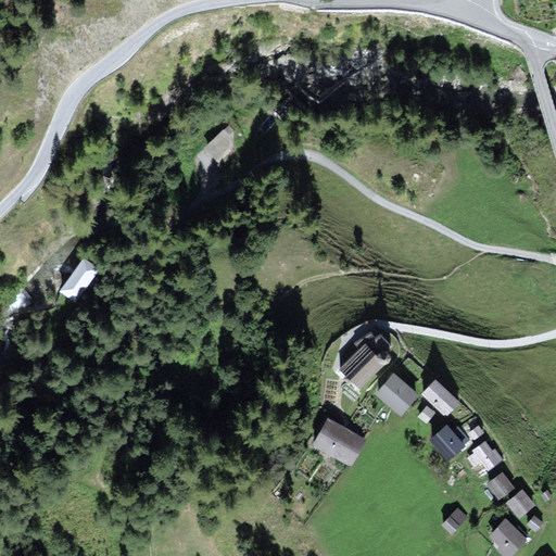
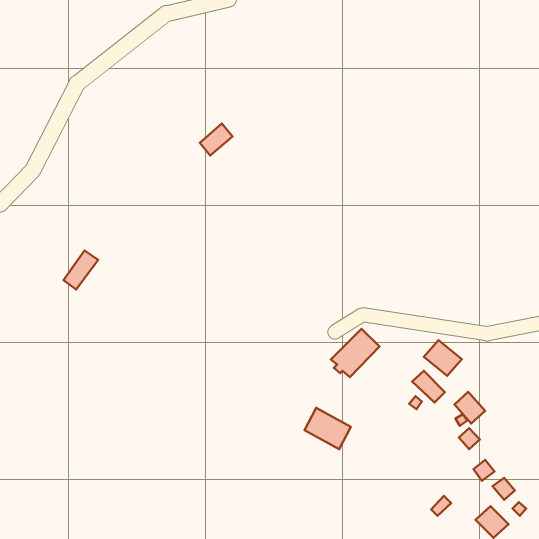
building: [378,376,417,413] -> [424,340,462,376]
building: [429,424,460,456] -> [454,392,485,423]

